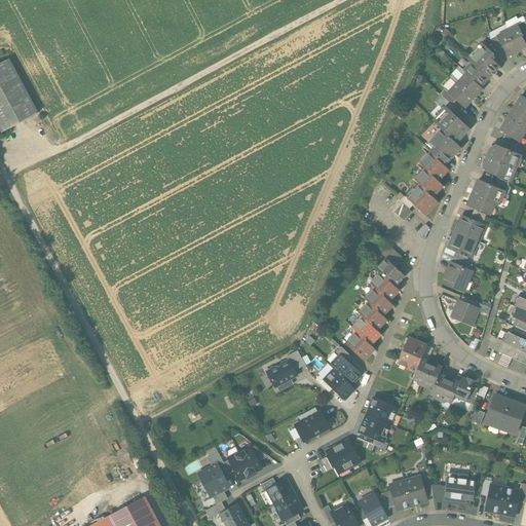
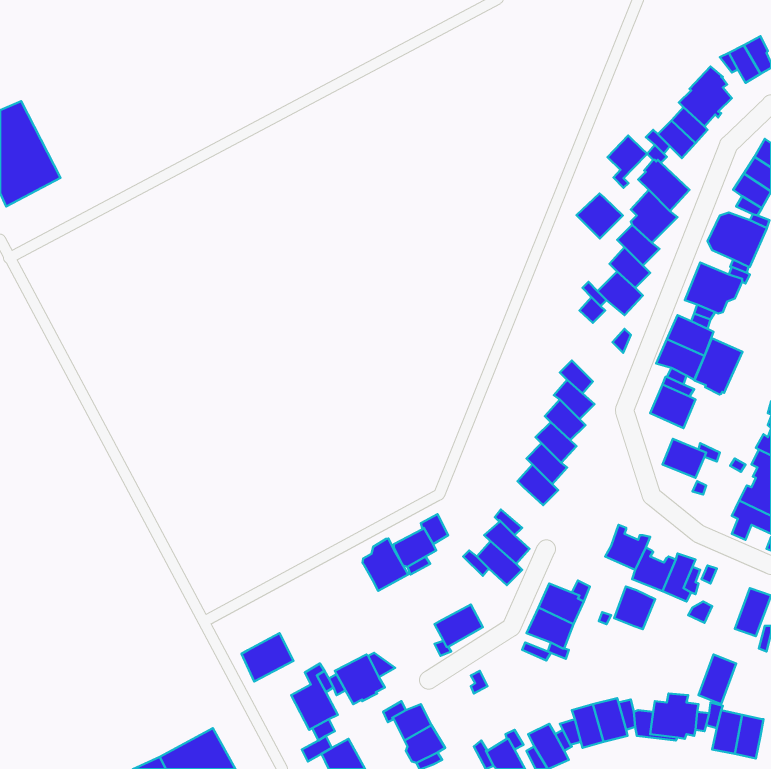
building: none -> [608,136,647,188]
building: none -> [576,193,623,238]
building: none -> [695,338,742,394]
building: [346,332,375,360] -> none
building: [397,337,426,372] -> none
building: none -> [362,539,408,591]
building: [485,394,511,428] -> [699,654,736,704]
building: none -> [614,586,655,629]
building: none -> [241,633,294,681]
building: [327,440,361,474] -> none

